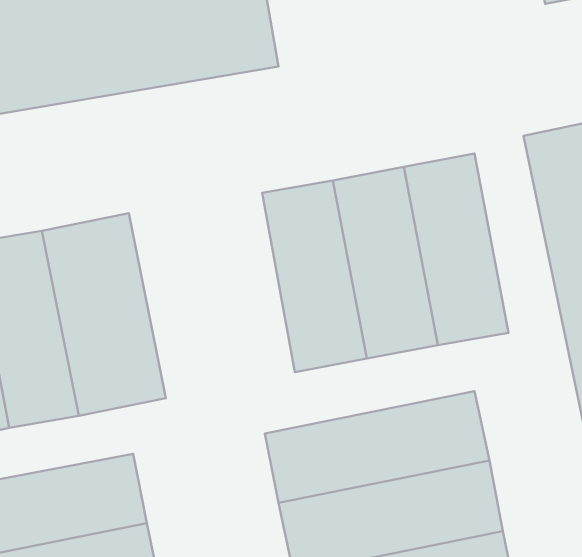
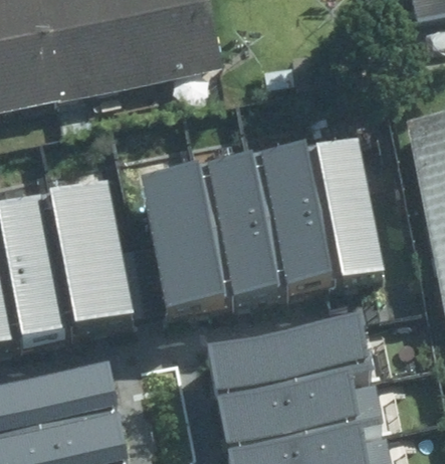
building: none -> [143,166,230,309]

